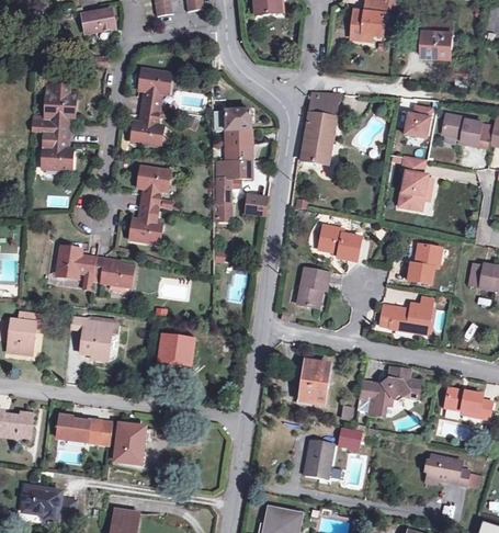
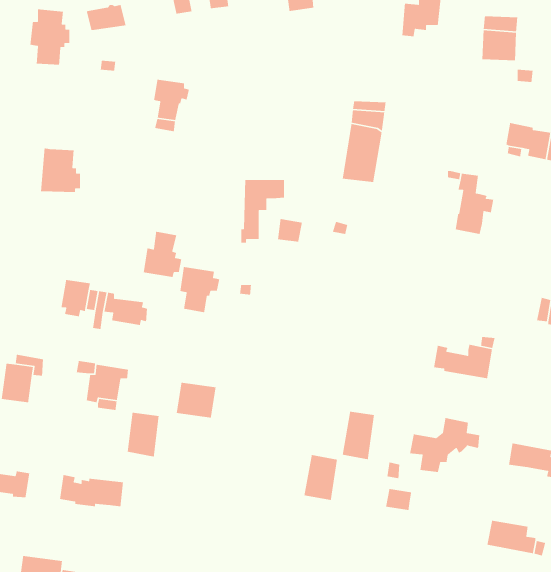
building: [43,86,78,135] -> [30,8,70,66]
building: [399,104,429,138] -> none
building: [224,109,251,160] -> none
building: [129,122,161,147] -> none
building: [136,168,171,208] -> [179,266,220,313]
building: [317,225,360,260] -> none
building: [407,243,441,284] -> none
building: [297,268,328,306] -> none
building: [114,424,143,464] -> [127,412,160,457]
building: [304,439,333,479] -> [304,454,338,501]

